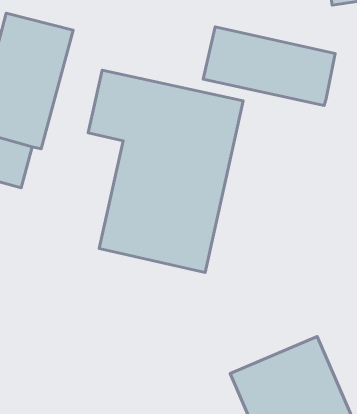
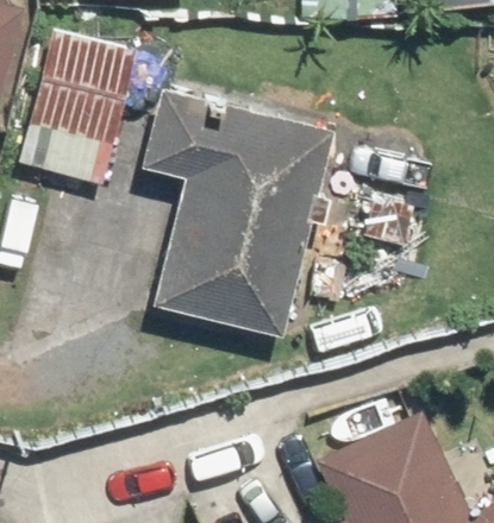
building: [203,27,335,105] -> none

